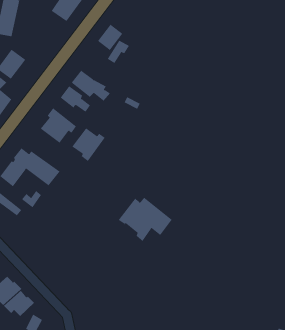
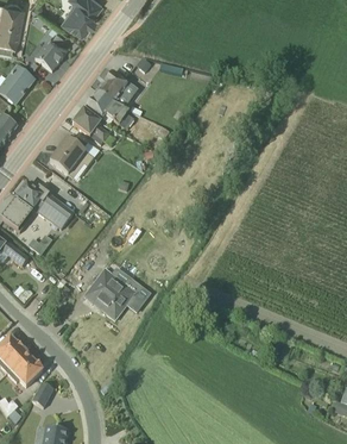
building: none -> [34,27,67,70]
building: [97,24,123,51] -> [97,70,128,102]
building: [71,127,105,162] -> none
building: [118,197,173,242] -> [84,267,150,320]

